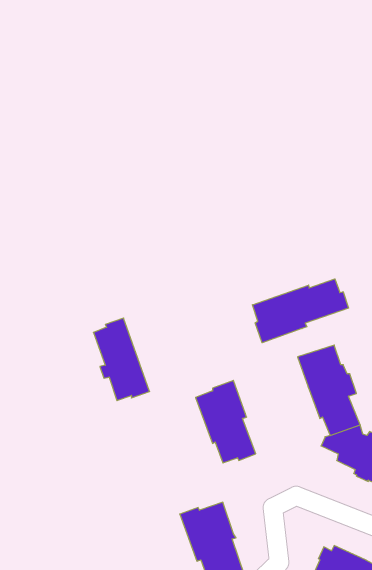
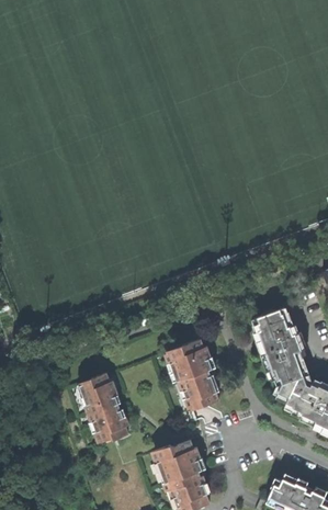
building: [252,279,349,343] -> none
building: [93,318,150,401] -> [81,373,128,442]

